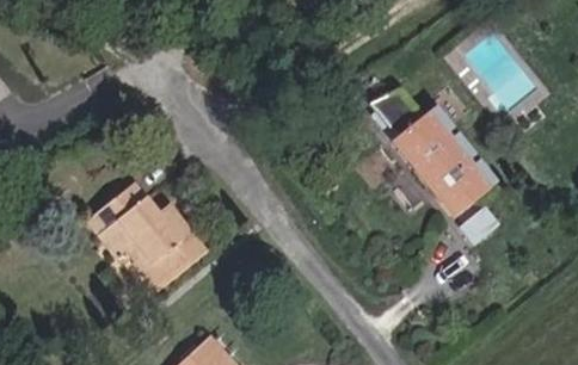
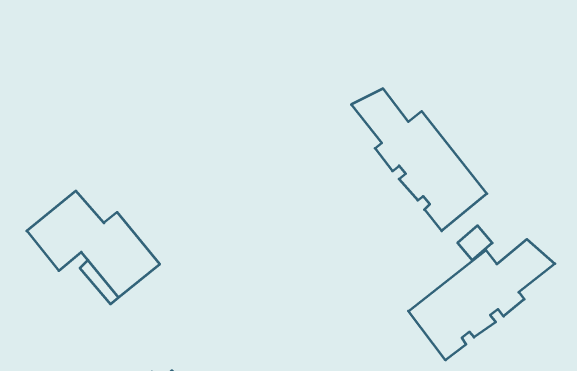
building: none -> [408,239,555,360]

